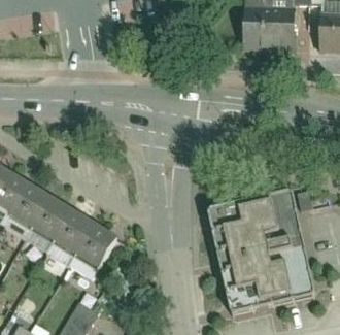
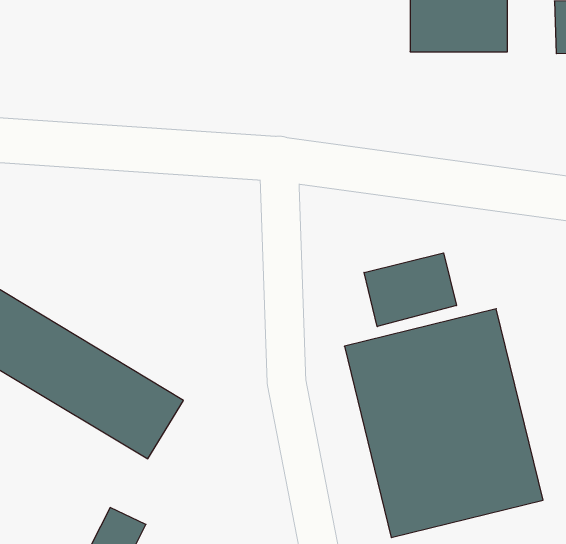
building: none -> [364,253,456,327]

